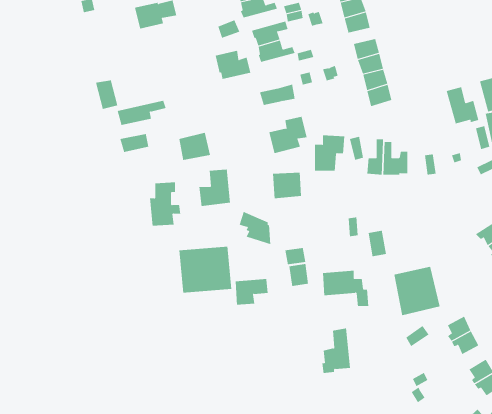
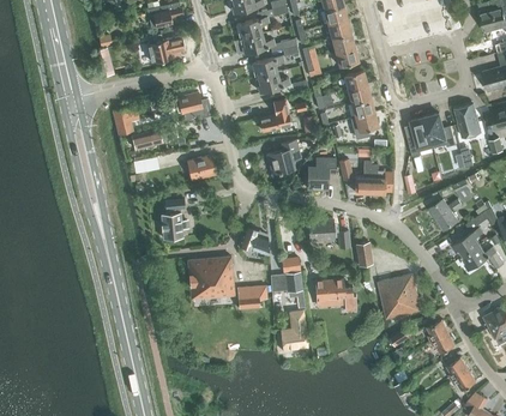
building: [215,50,251,80] -> [177,92,210,119]
building: none -> [406,117,433,156]
building: [199,169,231,207] -> none
building: [272,172,302,199] -> [307,218,333,242]
building: none -> [428,198,460,230]
building: [321,328,351,373] -> [279,311,306,351]

